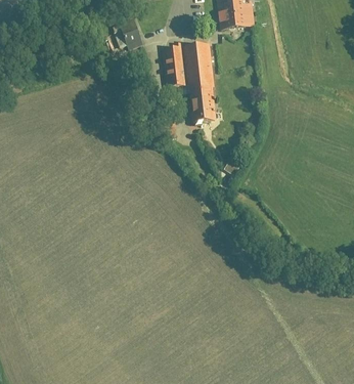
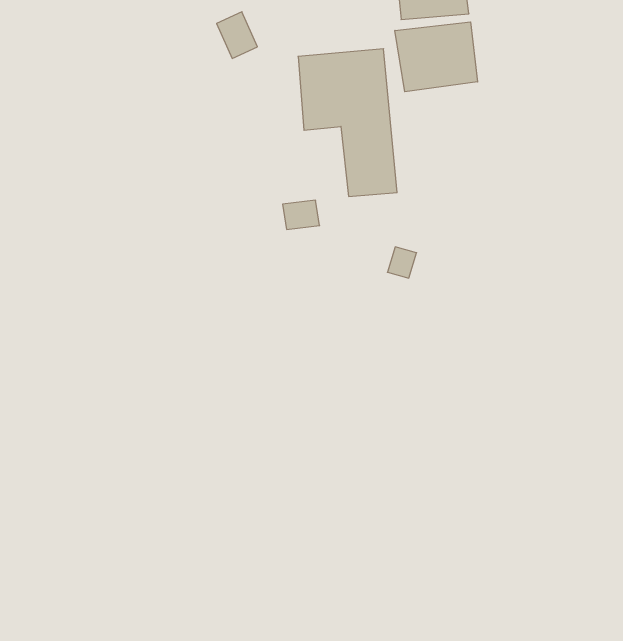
building: none -> [395,22,478,92]

